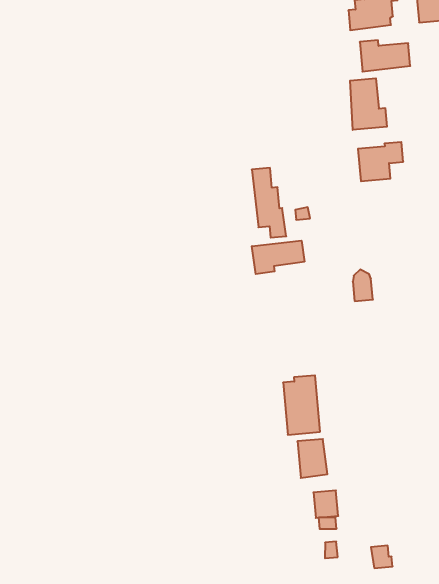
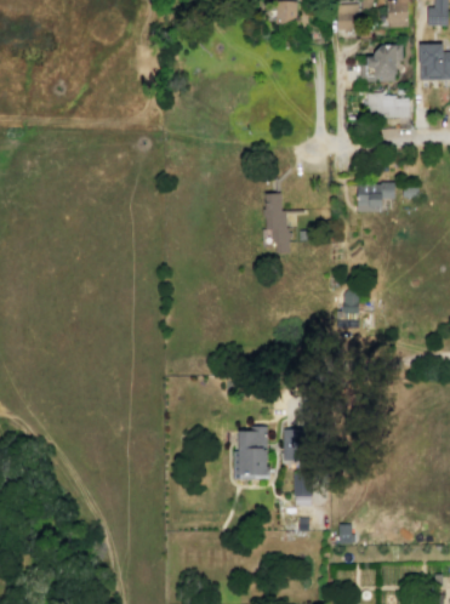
building: [350,78,387,130] -> none
building: [252,241,304,274] -> none
building: [283,375,320,435] -> [239,426,267,474]

